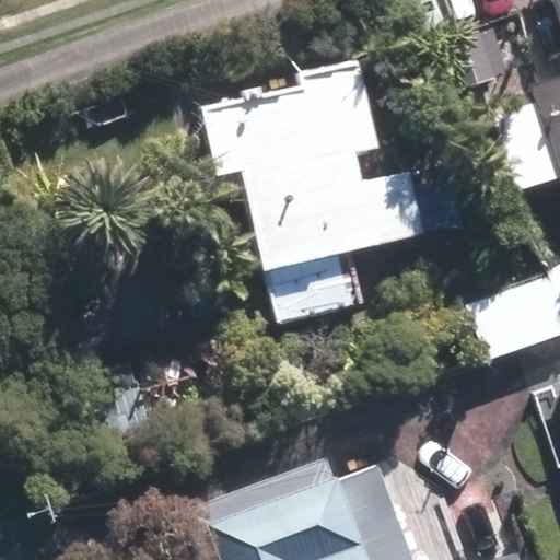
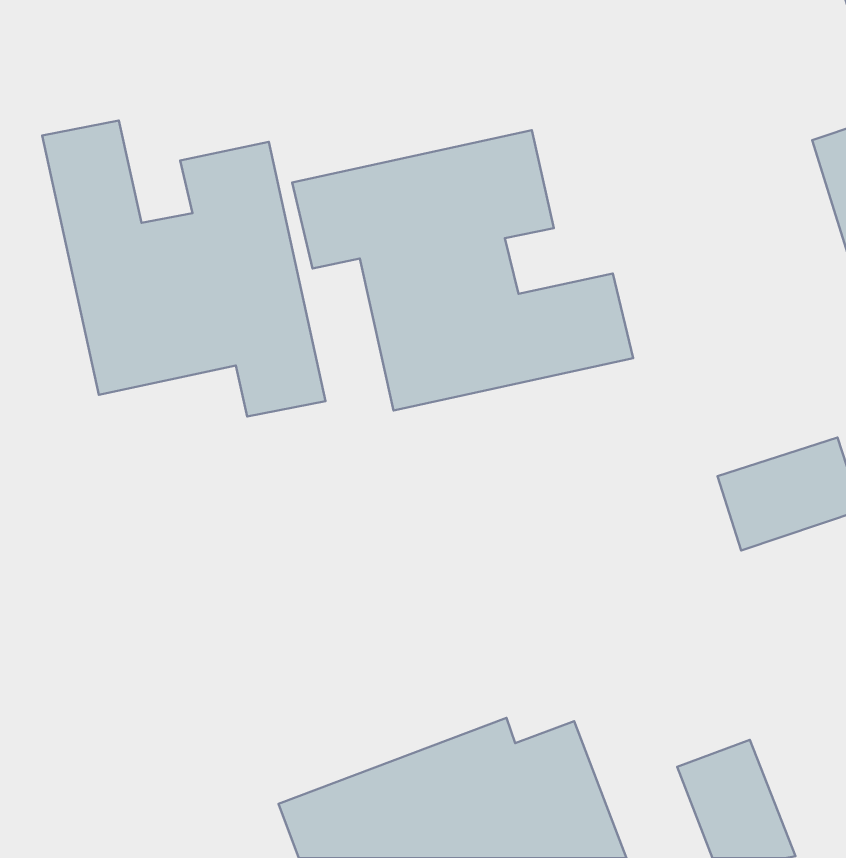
building: none -> [42,121,325,417]

